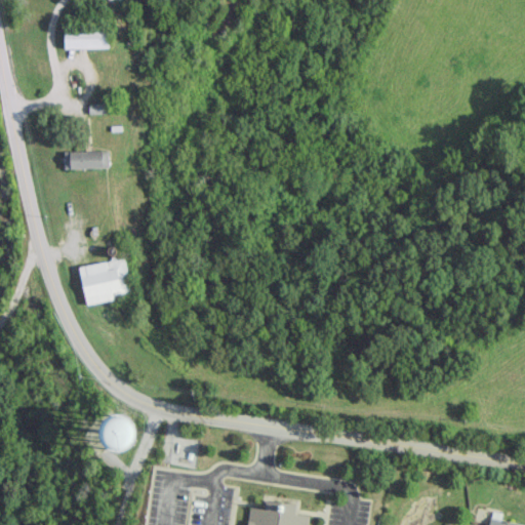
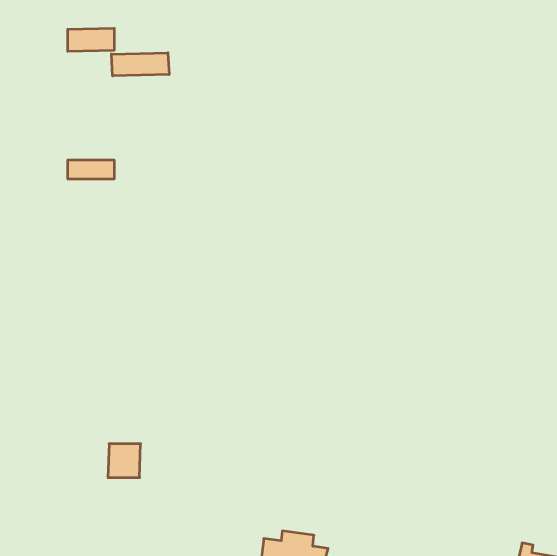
building: none -> [111,53,169,76]
building: [79,259,131,305] -> none

